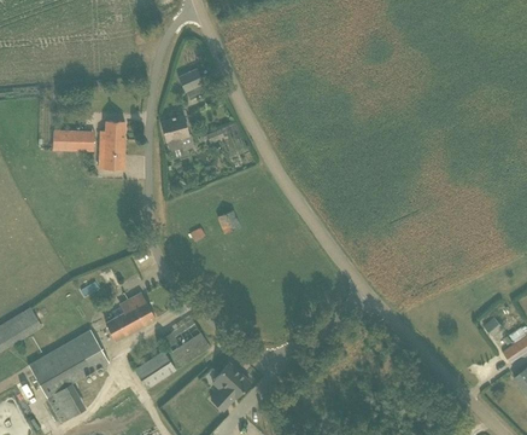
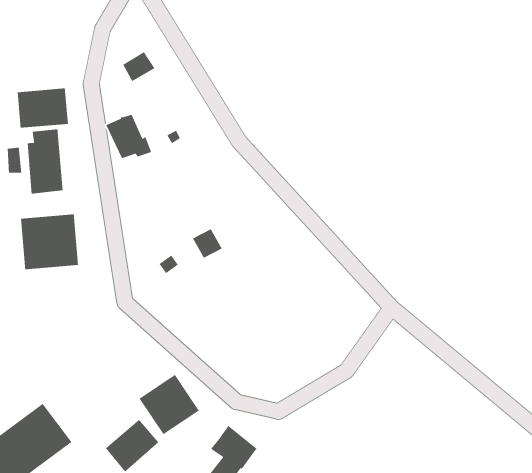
building: none -> [17,88,69,129]
building: none -> [20,214,79,270]
building: [105,291,156,340] -> none

